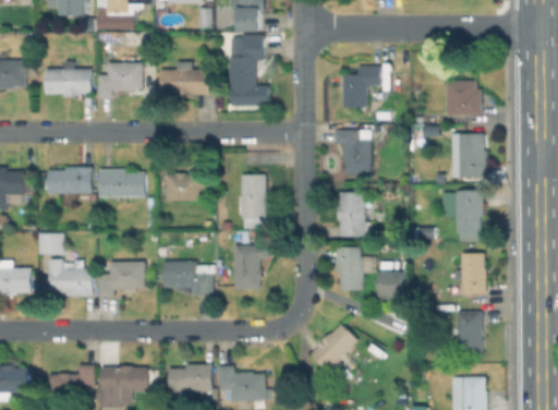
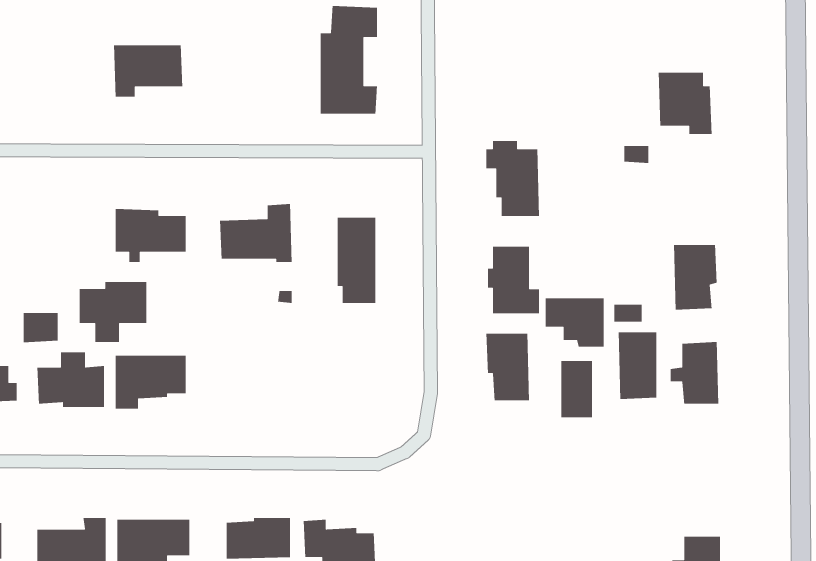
building: [45,60,90,93] -> none
building: [160,61,209,96] -> none
building: [342,67,380,107] -> none
building: [460,133,487,177] -> none
building: [49,166,93,205] -> [79,281,147,343]
building: none -> [545,298,604,348]
building: [233,245,268,289] -> none
building: [163,261,213,297] -> none
building: [456,312,481,355] -> [618,332,657,400]
building: [311,325,357,371] -> none

